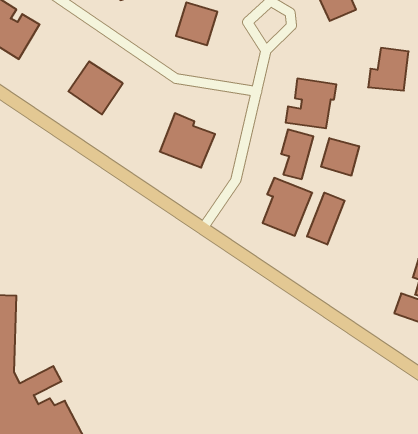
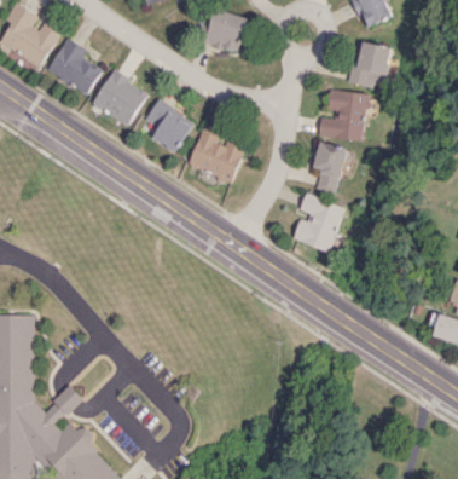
building: none -> [46,37,100,93]
building: [368,48,409,91] -> [348,42,390,87]
building: none -> [139,100,192,150]
building: [321,138,359,176] -> none
building: [307,193,345,245] -> none

